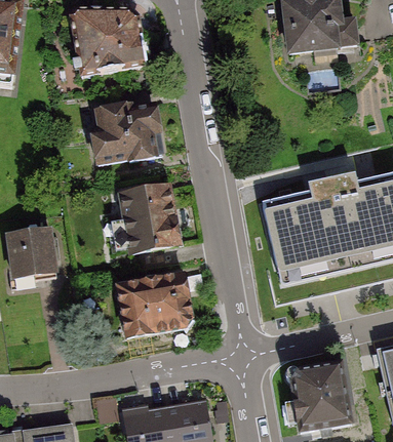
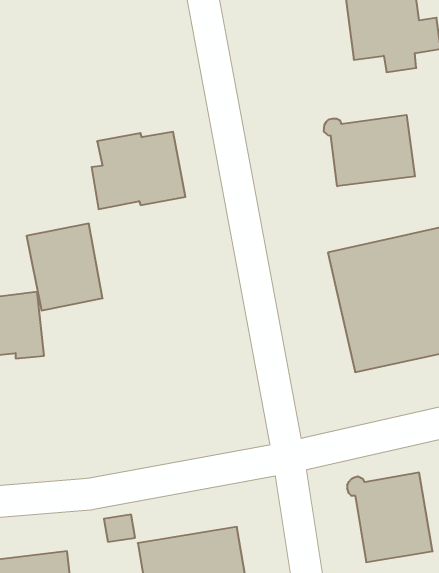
building: [71,9,146,75] -> none
building: none -> [324,115,415,186]
building: [120,186,178,251] -> [27,224,103,310]
building: [117,272,191,336] -> none

